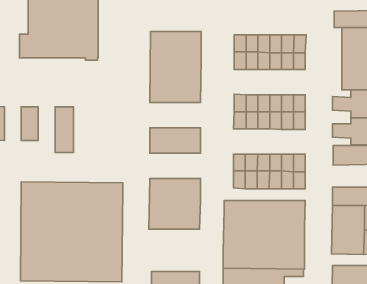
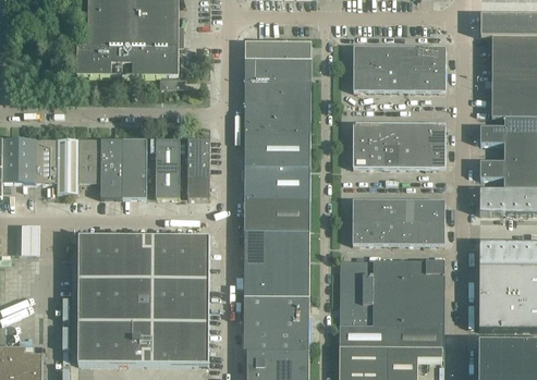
building: none -> [244,133,309,166]
building: none -> [57,138,78,193]
building: none -> [100,138,122,197]
building: none -> [155,138,180,197]
building: none -> [187,138,209,198]
building: none -> [244,198,309,231]
building: none -> [243,296,308,351]

